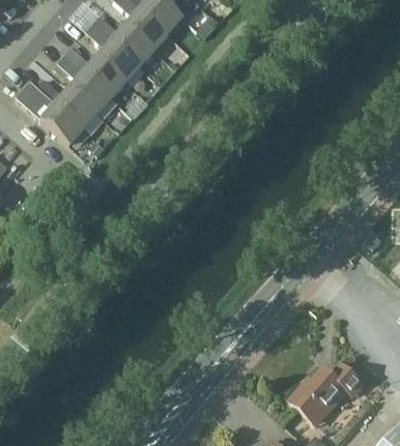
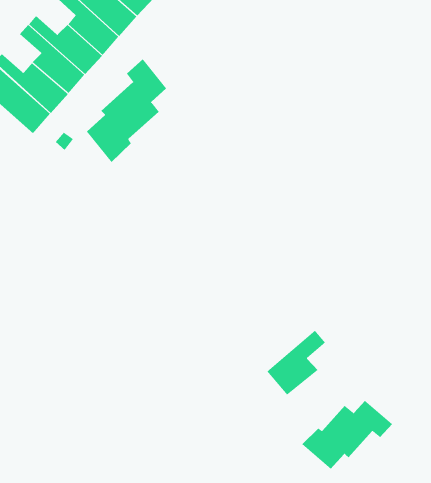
building: none -> [86,58,167,163]
building: none -> [267,330,326,396]

